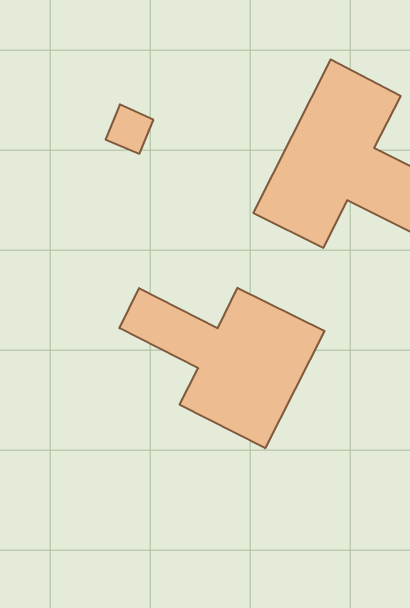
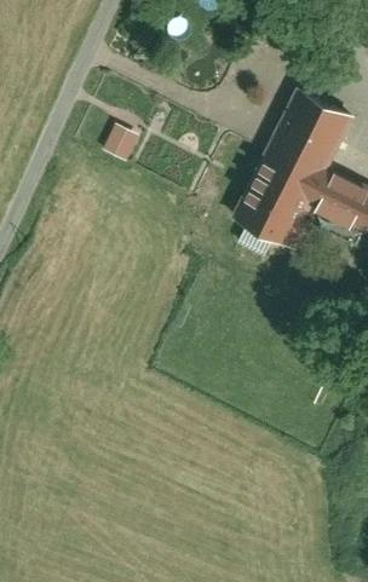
building: [119,288,324,448] -> none

